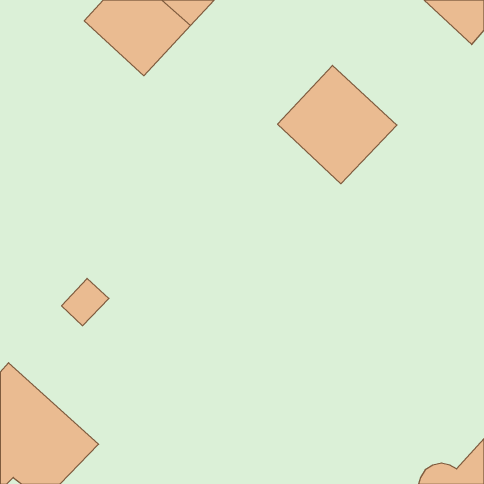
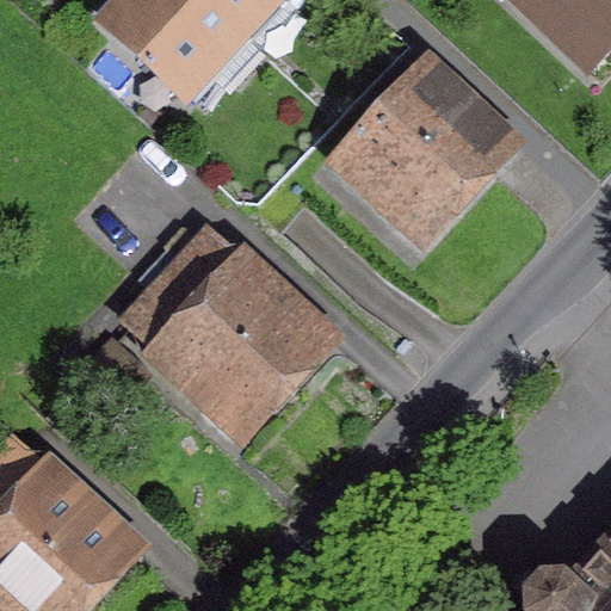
building: none -> [136,248,317,427]

